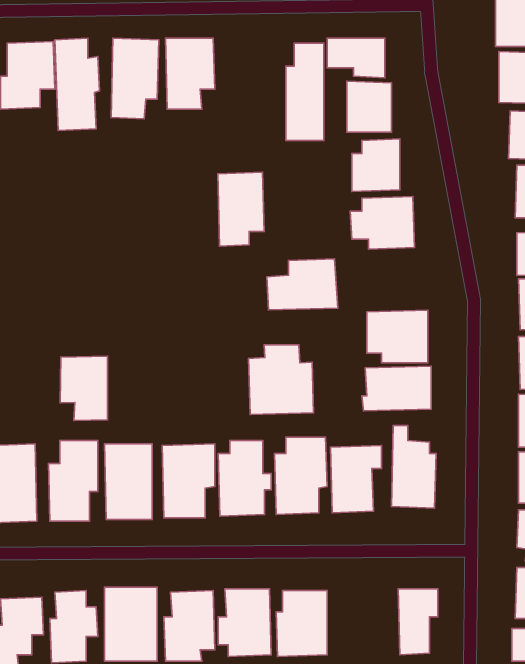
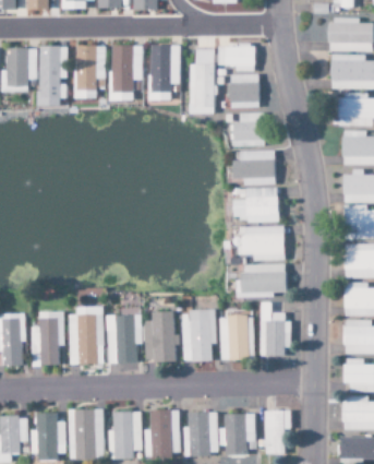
building: [218,172,264,246] -> [150,44,181,93]
building: [267,259,338,310] -> [232,187,279,221]
building: [249,345,313,415] -> none
building: [60,356,108,420] -> none
building: none -> [218,412,255,454]

